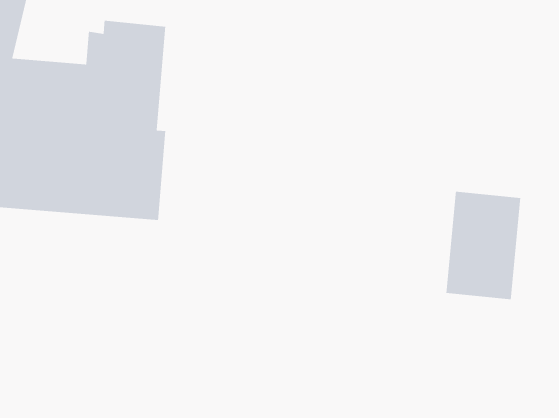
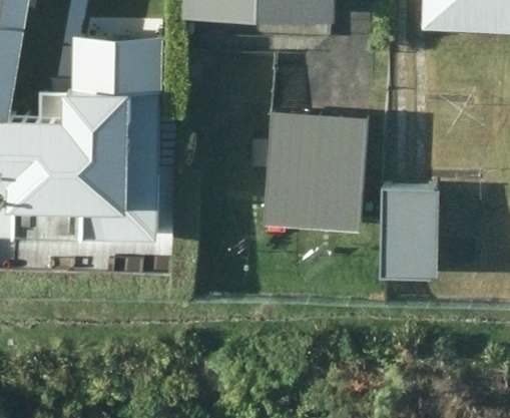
building: none -> [263,107,367,229]

